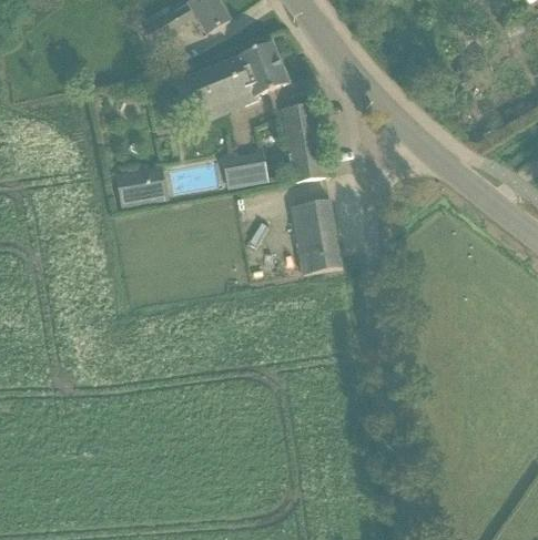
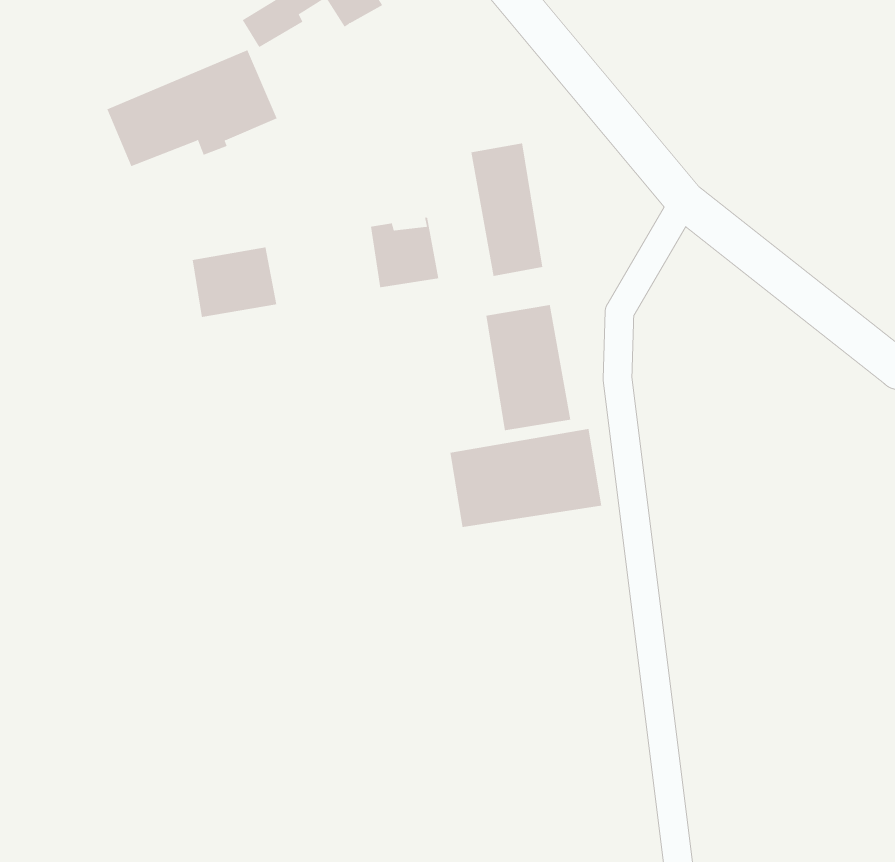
building: [186,40,288,110] -> [107,50,278,167]
building: none -> [450,428,602,528]

